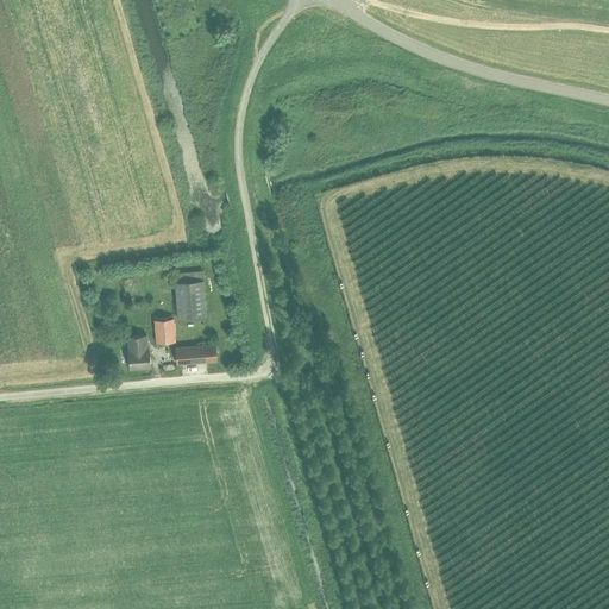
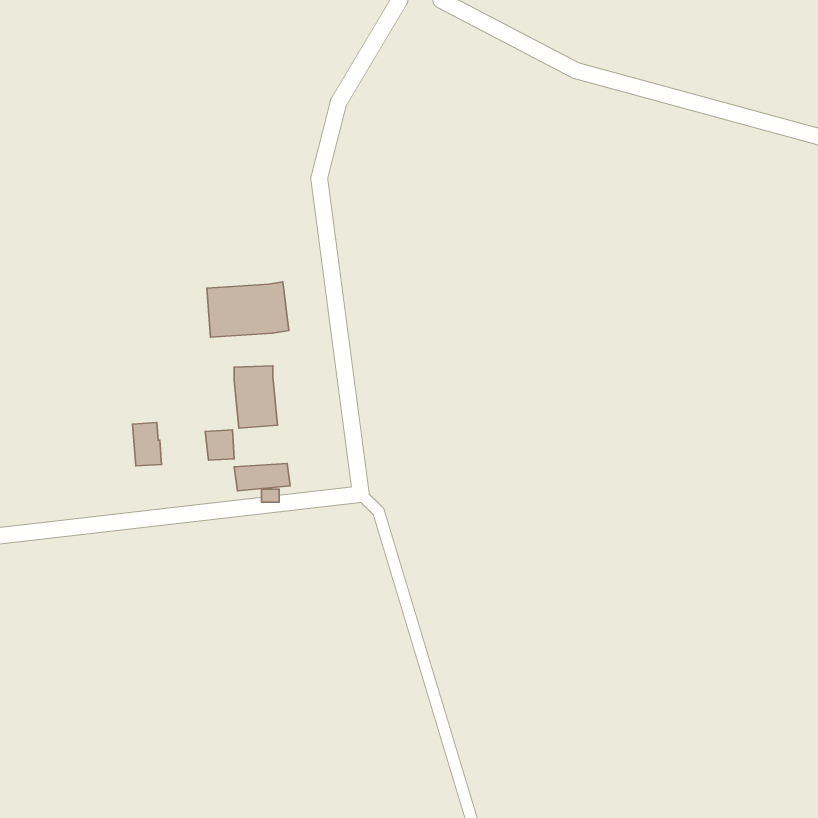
building: none -> [207,282,289,337]
building: [127,337,149,369] -> [133,423,161,466]

